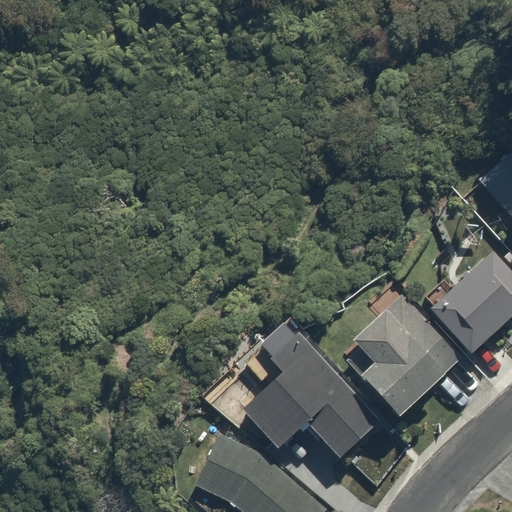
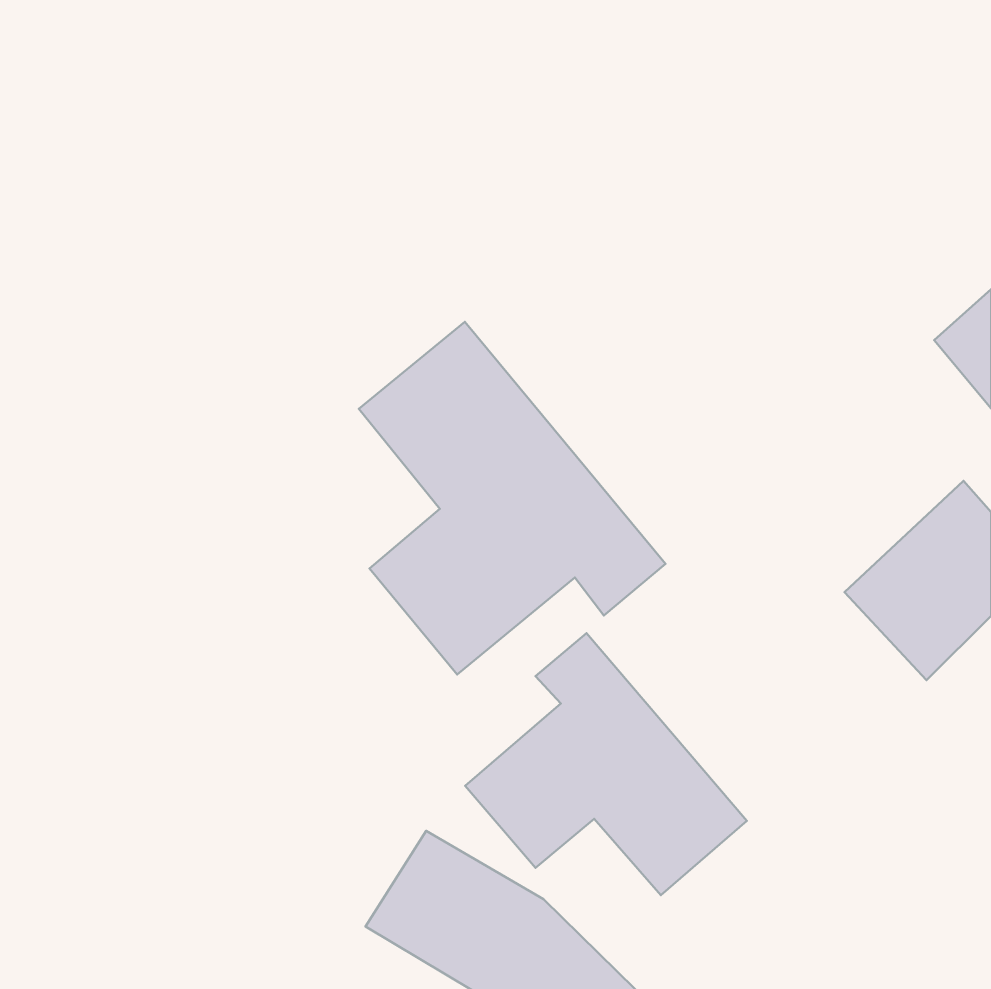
building: none -> [359,322,665,675]
building: [353,294,462,417] -> none

